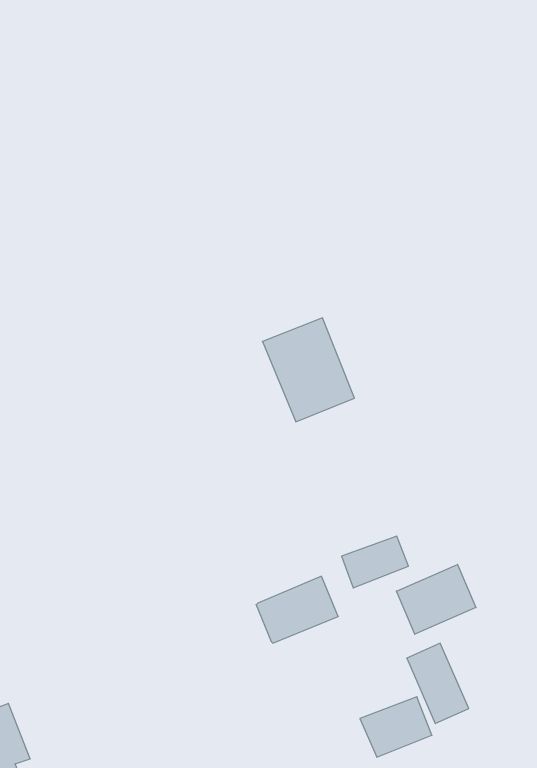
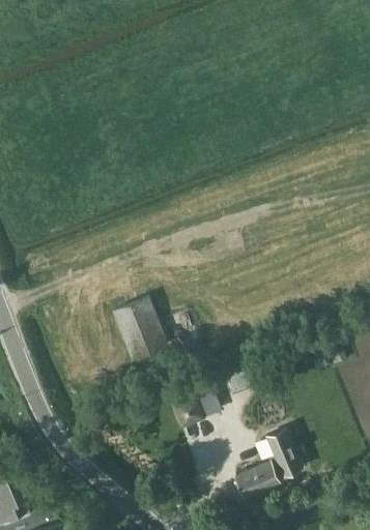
building: [262,318,354,422] -> [112,297,169,361]
building: [396,564,476,634] -> none

